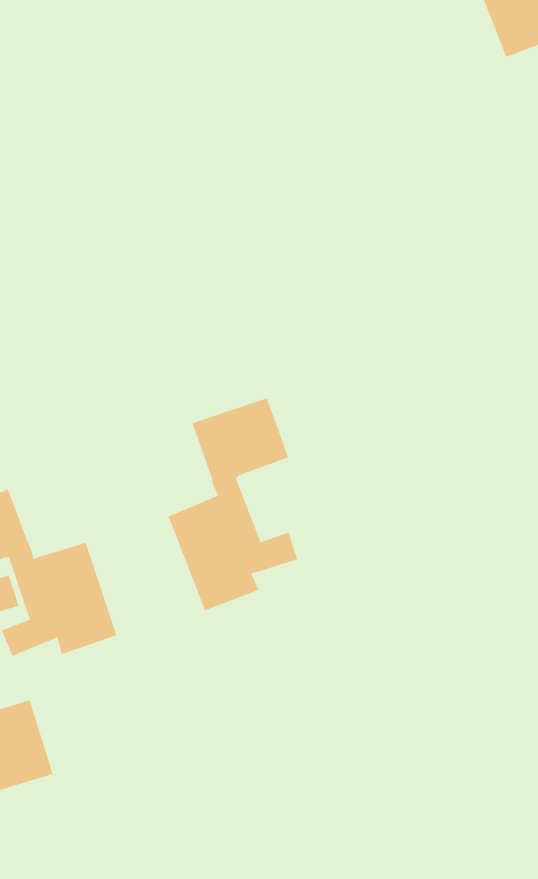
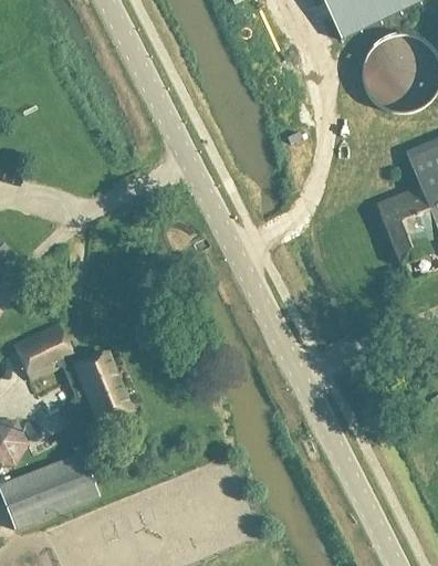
building: [168,398,298,611] -> none

